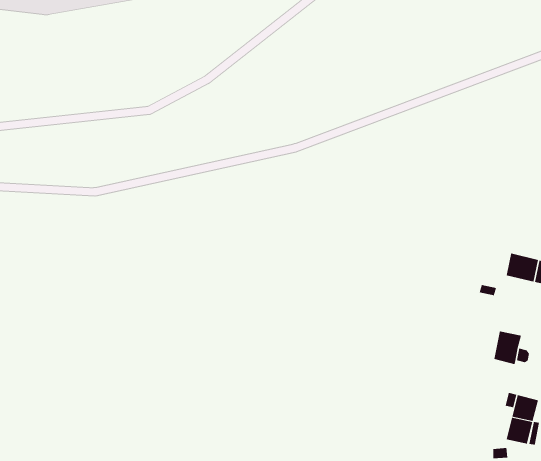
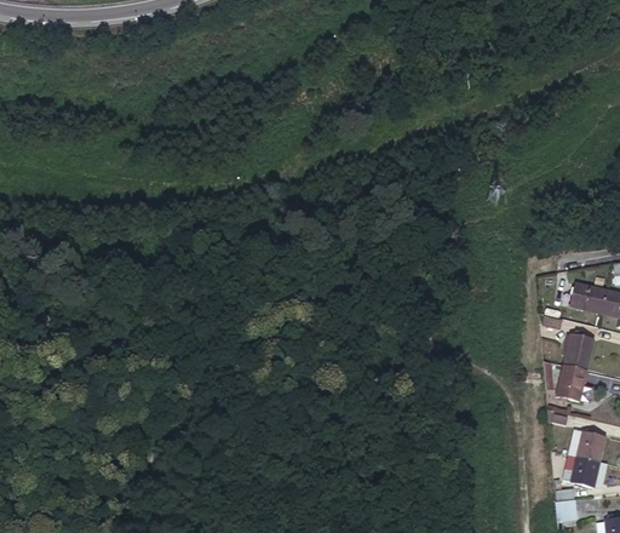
building: none -> [562,334,593,369]

